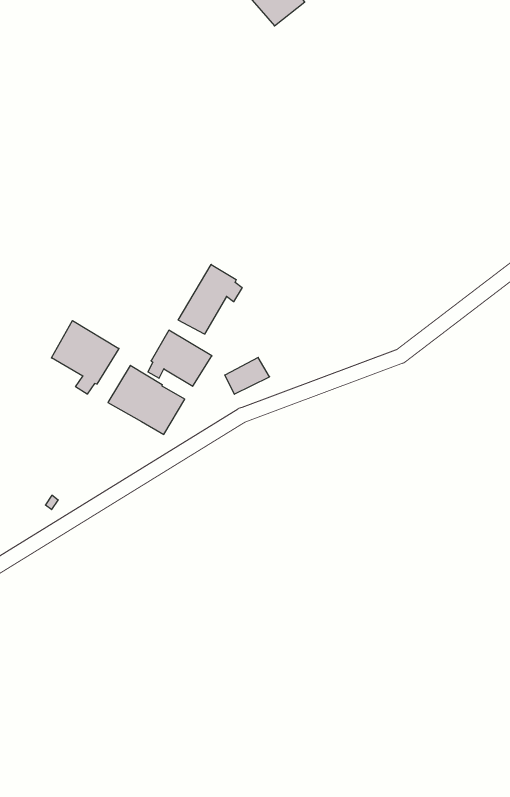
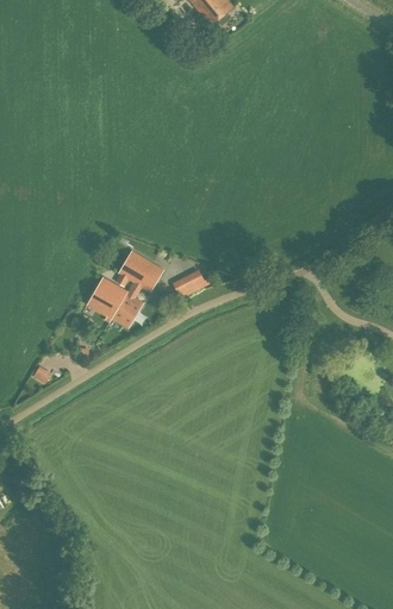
building: [178,264,242,334] -> none
building: [51,321,119,394] -> none

